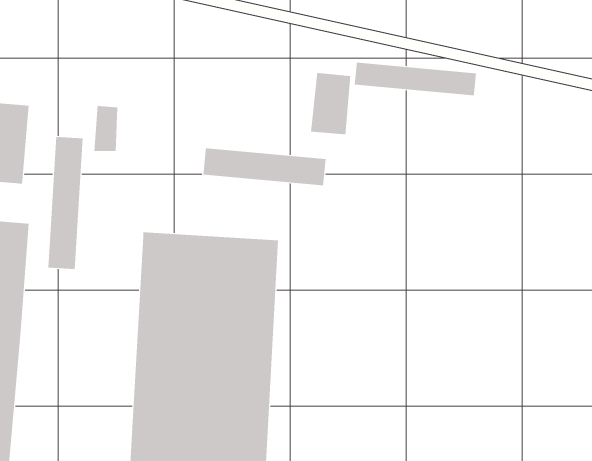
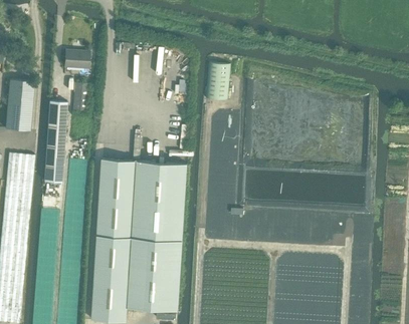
building: none -> [63,51,87,69]
building: [354,62,476,96] -> none
building: [203,148,326,186] -> none

